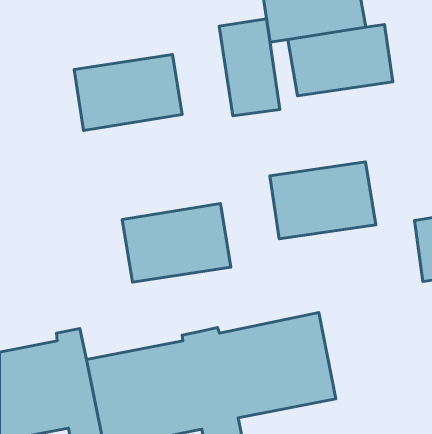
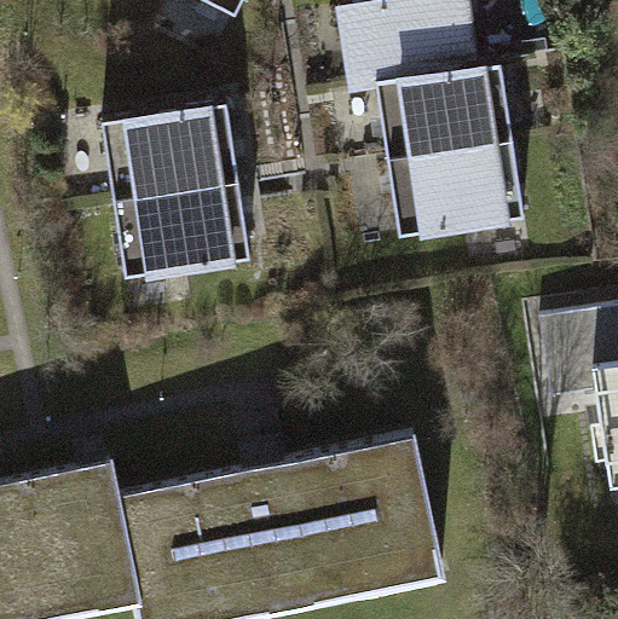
building: [219,19,280,116] -> none
building: [270,162,376,239] -> [387,141,524,241]
building: [122,203,231,282] -> [111,184,252,285]

